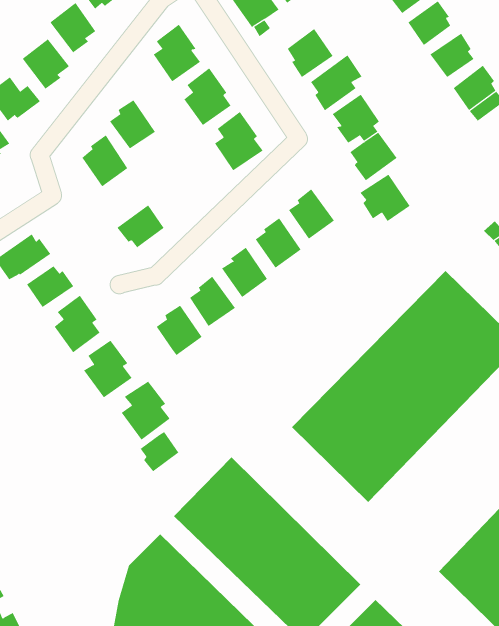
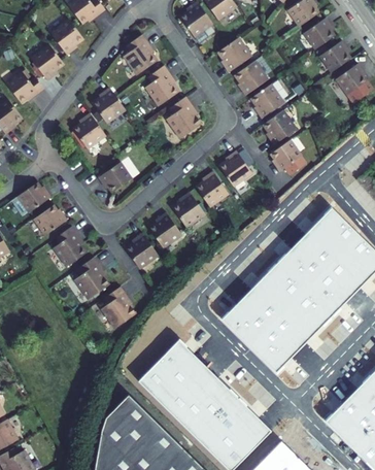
building: [140,431,179,472] -> none

